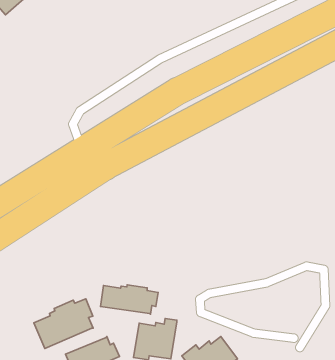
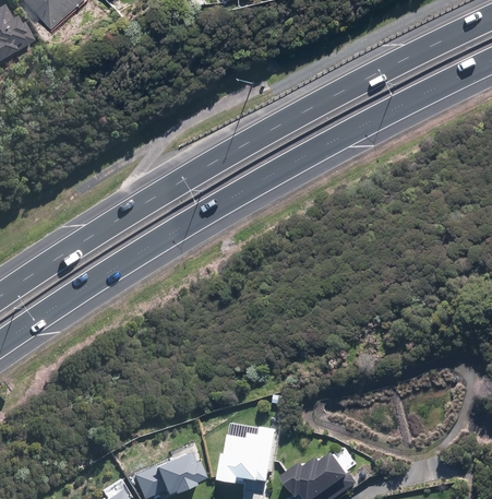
building: [100,285,158,314] -> none
building: [34,299,93,349] -> none

